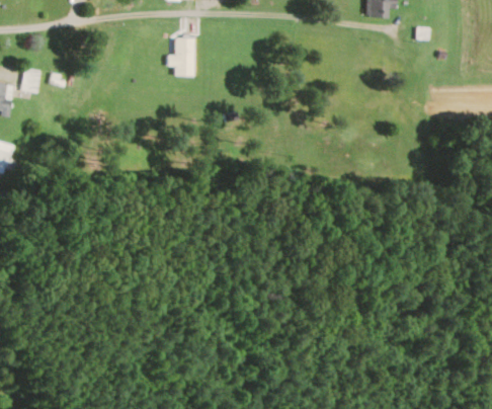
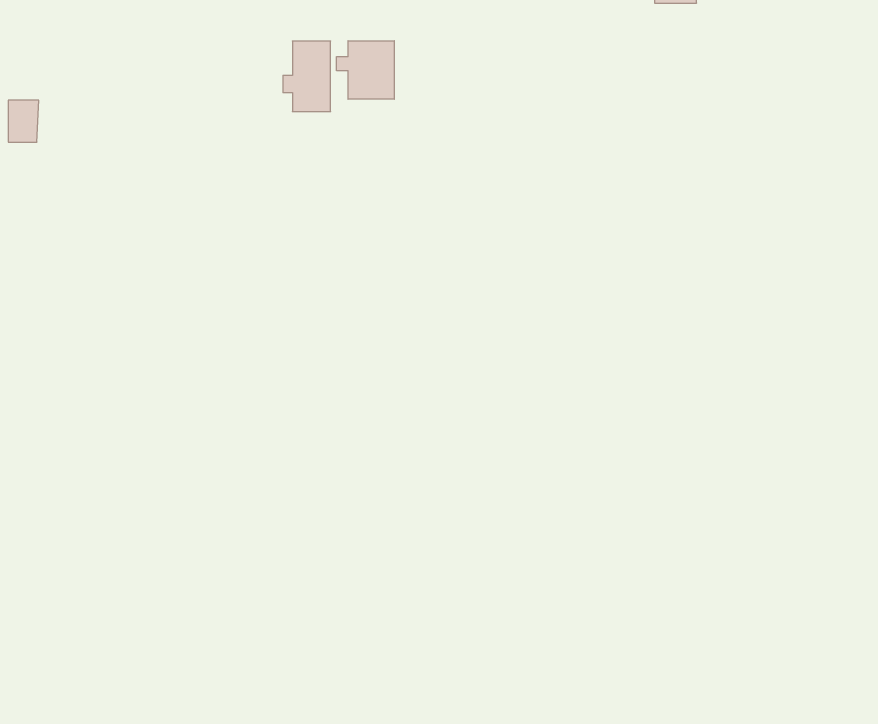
building: none -> [337,41,394,99]

